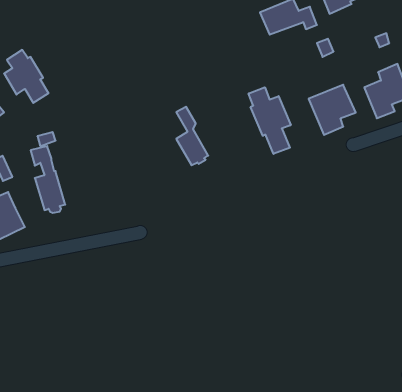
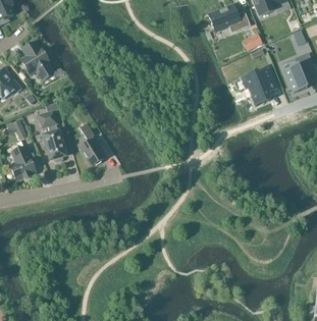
building: [249,87,291,154] -> none
building: [176,107,208,165] -> [81,122,104,165]

